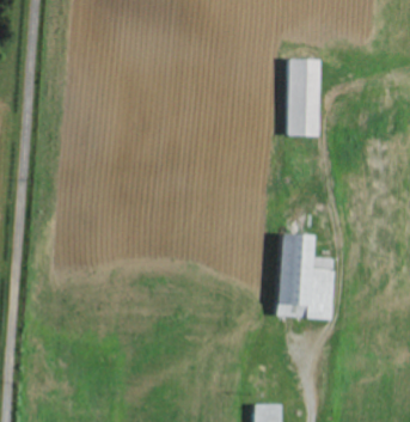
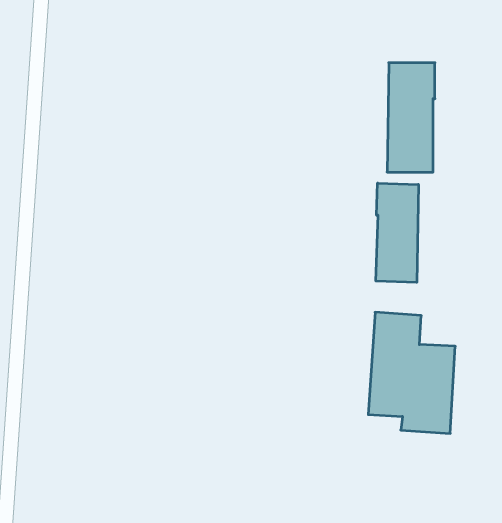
building: none -> [376,183,418,282]

